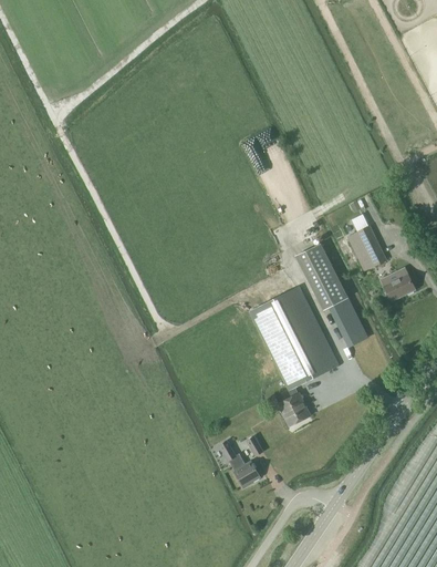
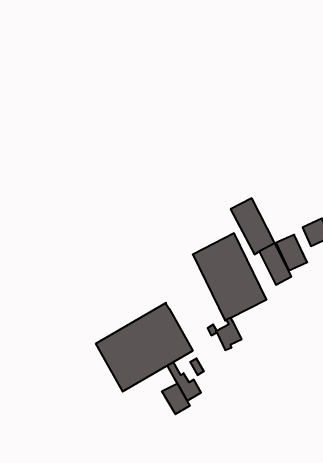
building: [347,227,385,270] -> [276,235,307,271]
building: none -> [96,303,193,392]
building: none -> [162,383,190,414]

